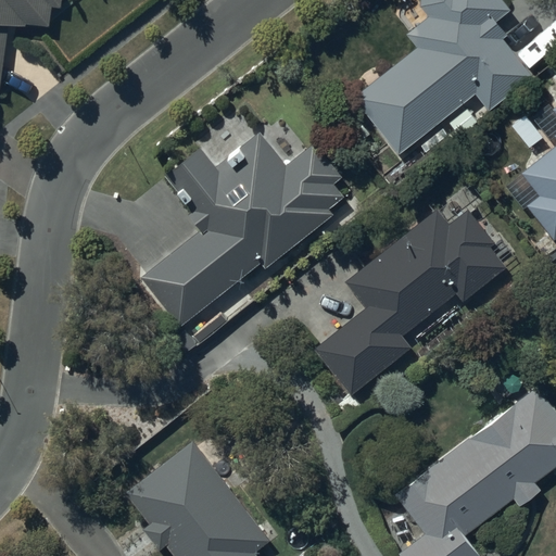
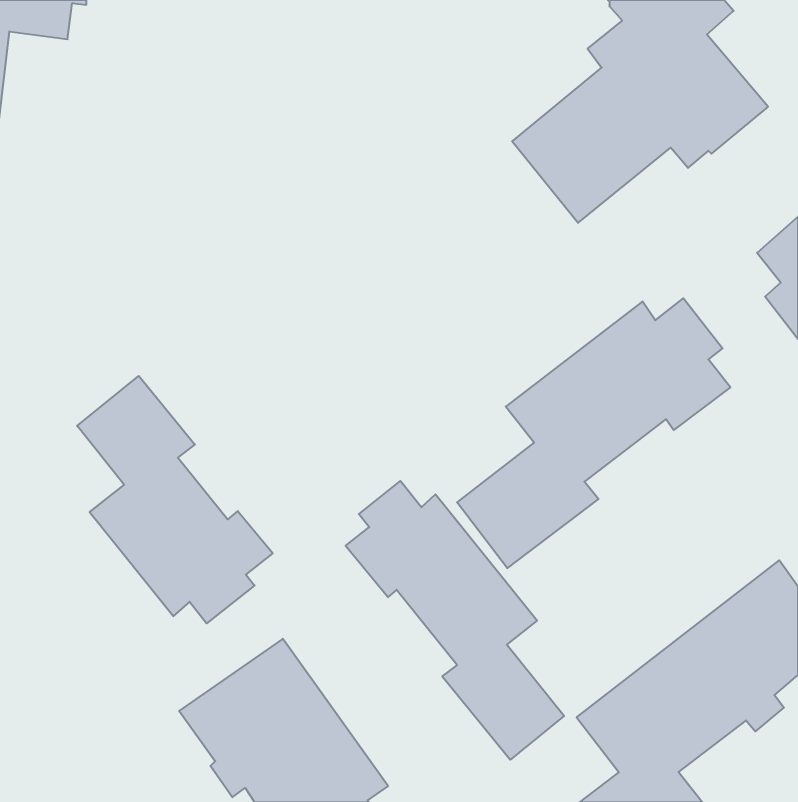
building: [141,136,344,326] -> none
building: none -> [77,376,273,623]
building: none -> [346,481,564,760]

